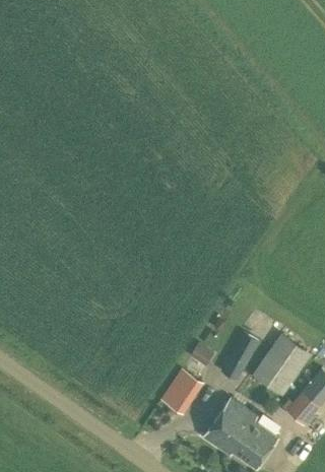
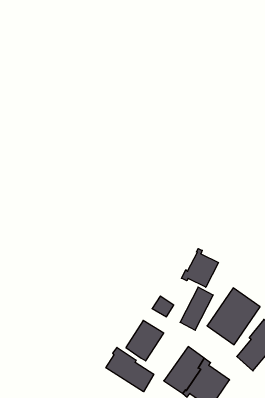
building: none -> [181,249,218,287]
building: none -> [106,347,154,392]

